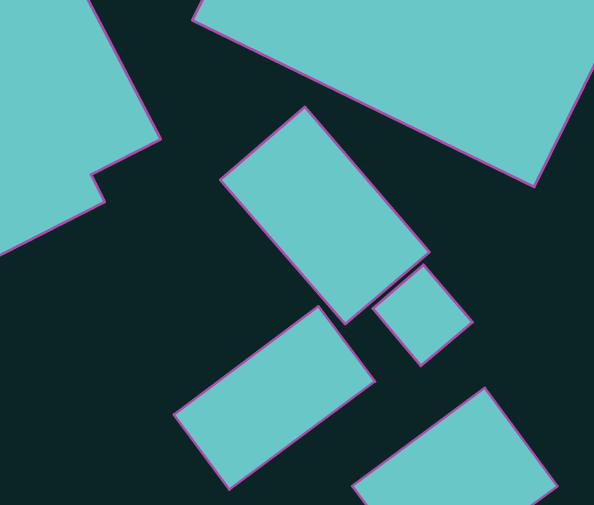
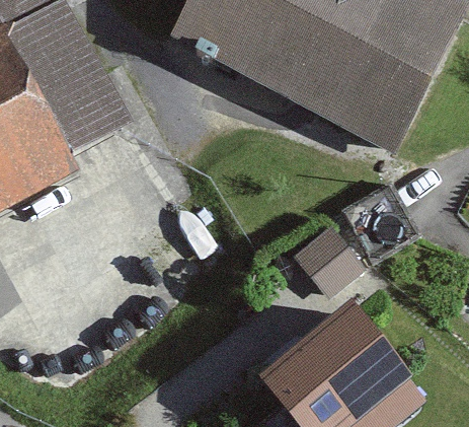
building: [220,107,429,324] -> none
building: [174,306,375,490] -> none

